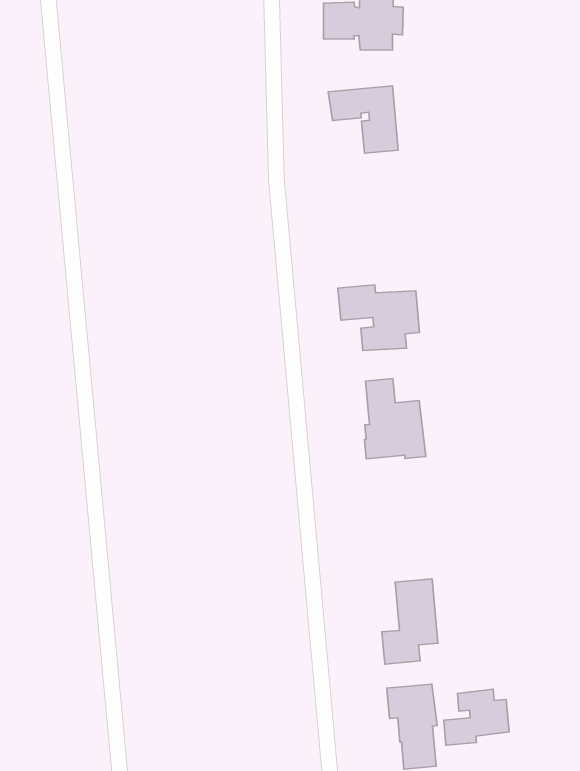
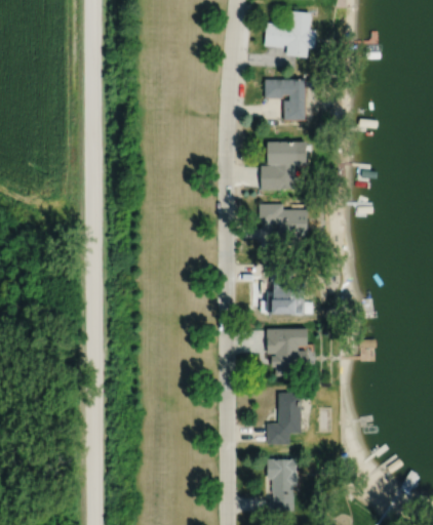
building: none -> [262,142,300,190]
building: none -> [268,329,309,377]
building: [444,689,509,745] -> none

